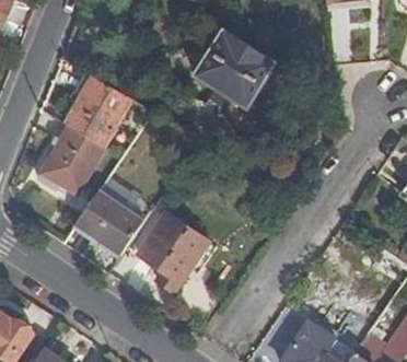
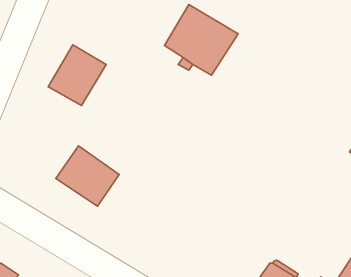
building: [40,124,105,194] -> none
building: [137,212,208,291] -> none

